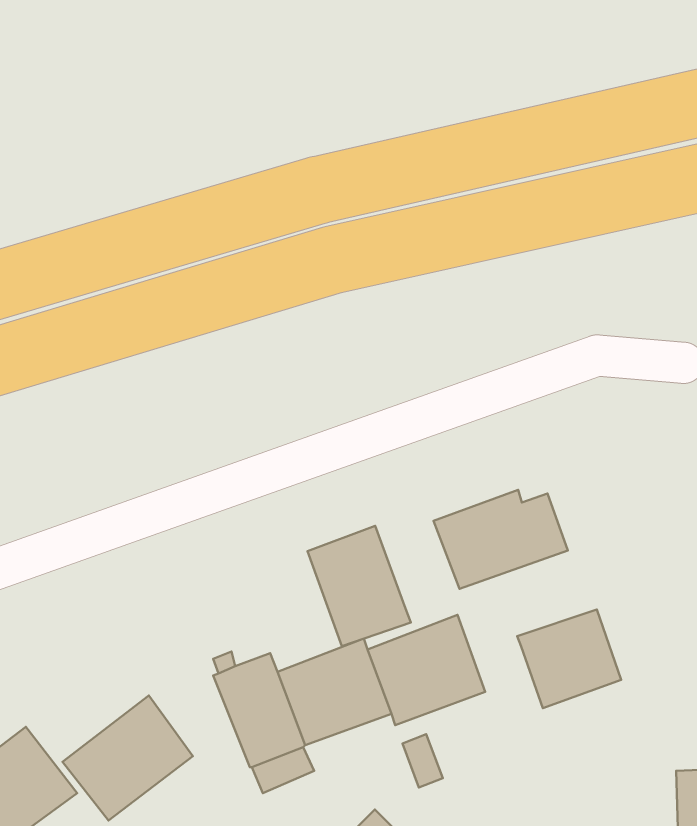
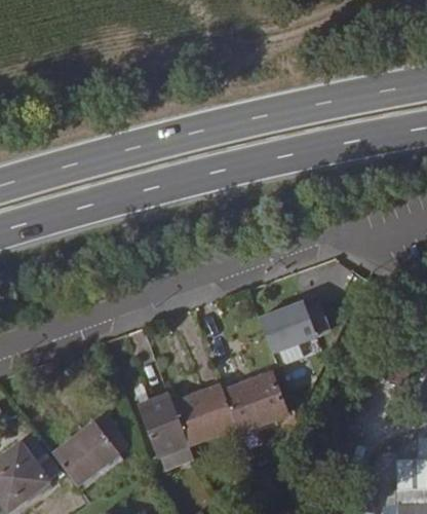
building: [307,526,411,646] -> none
building: [517,609,621,708] -> none

